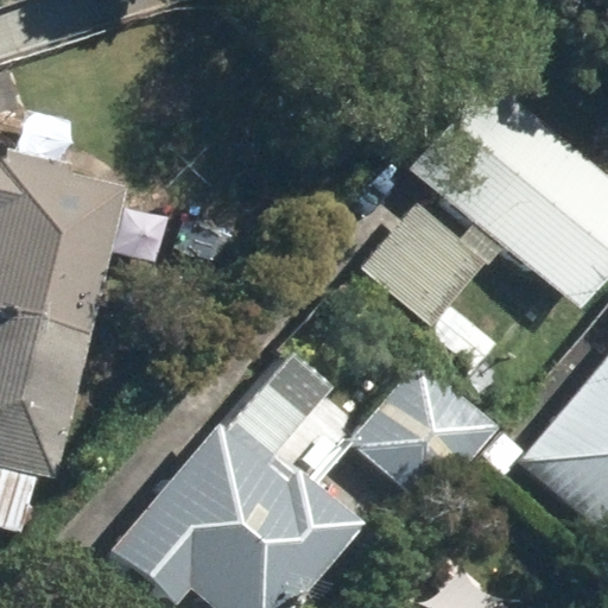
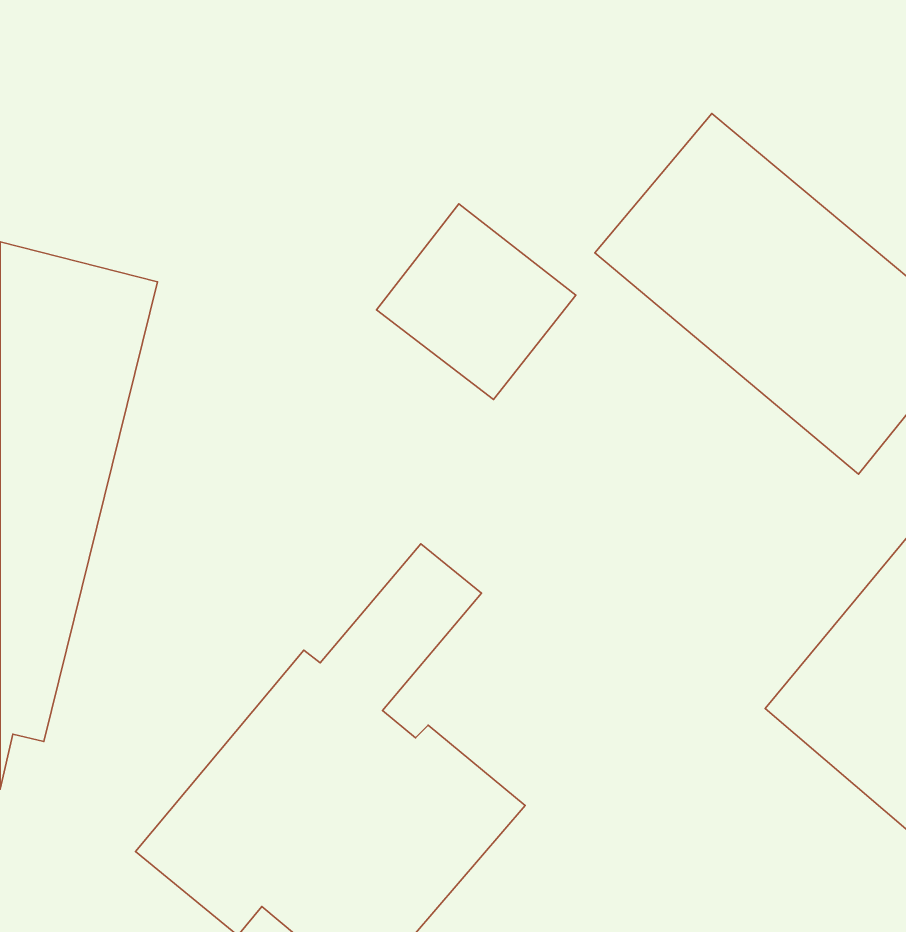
building: [359,201,488,328] -> [376,204,576,400]
building: [353,361,501,511] -> none

